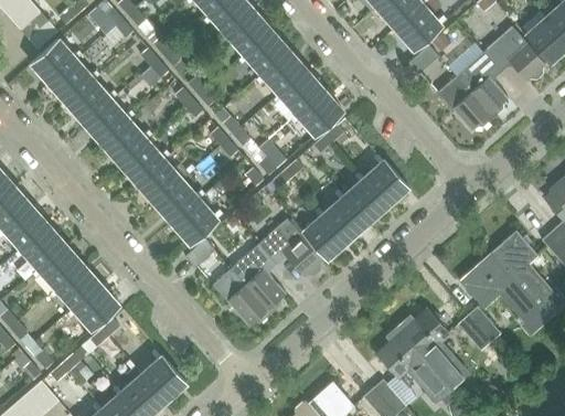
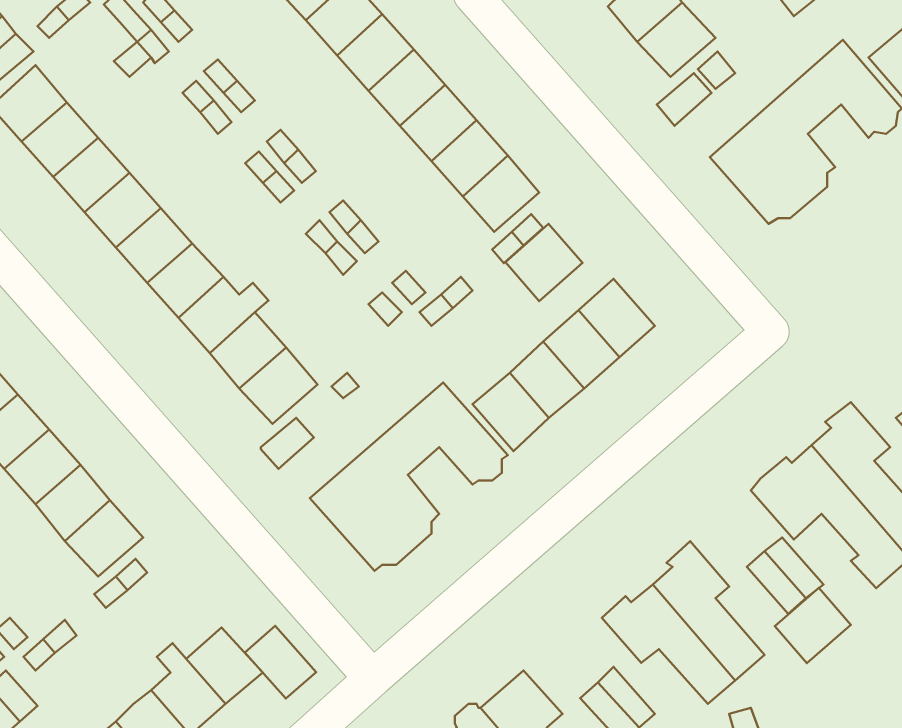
building: none -> [505,224,582,301]
building: none -> [775,588,851,663]
building: none -> [245,626,316,698]

